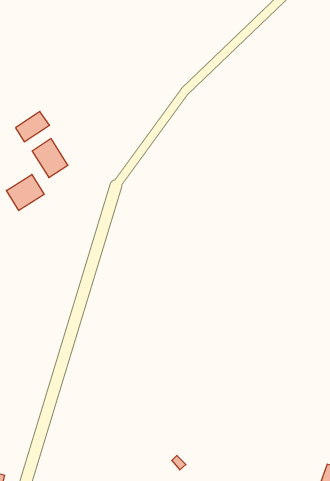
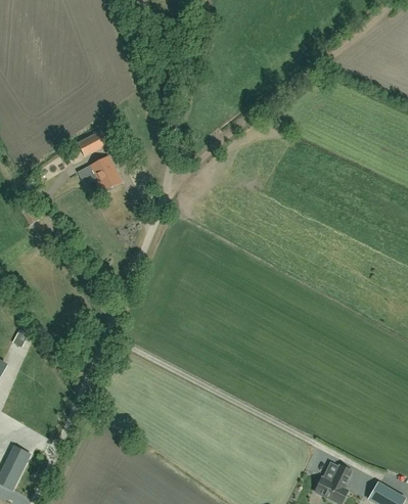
building: [6,174,44,211] -> none

